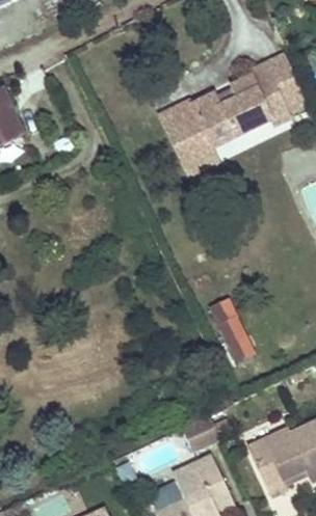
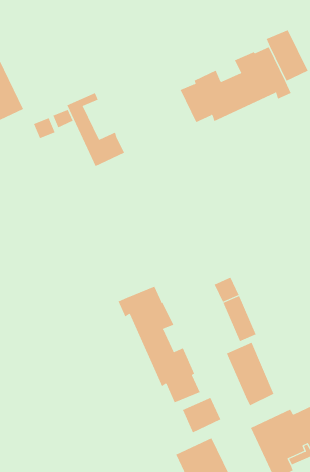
building: [161,102,218,174] -> [67,92,125,167]
building: none -> [118,286,201,403]
building: none -> [226,342,274,406]

